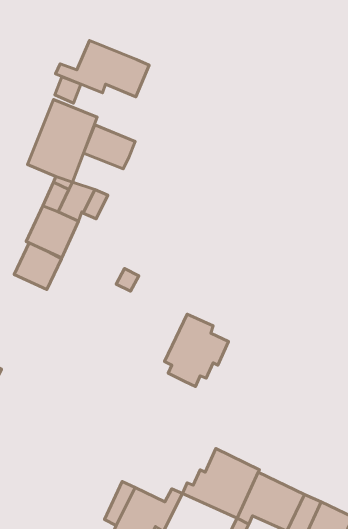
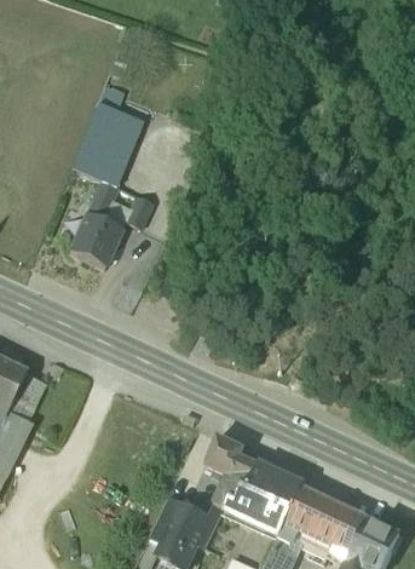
building: [55,41,149,97] -> none
building: [84,125,135,169] -> none
building: [14,243,61,290] -> none
building: [165,314,229,386] -> [196,437,261,511]

